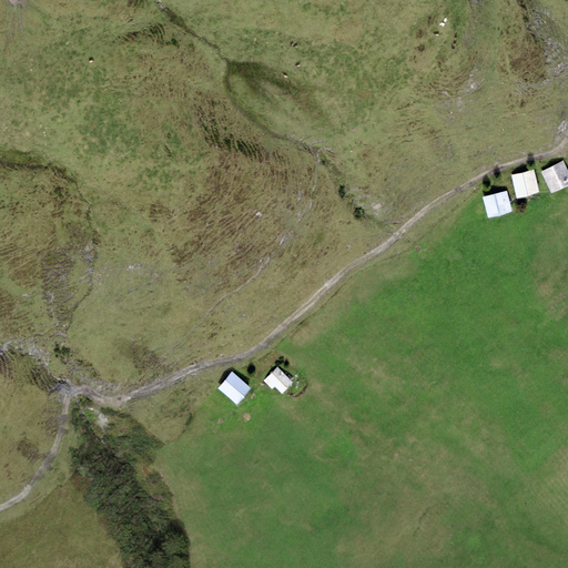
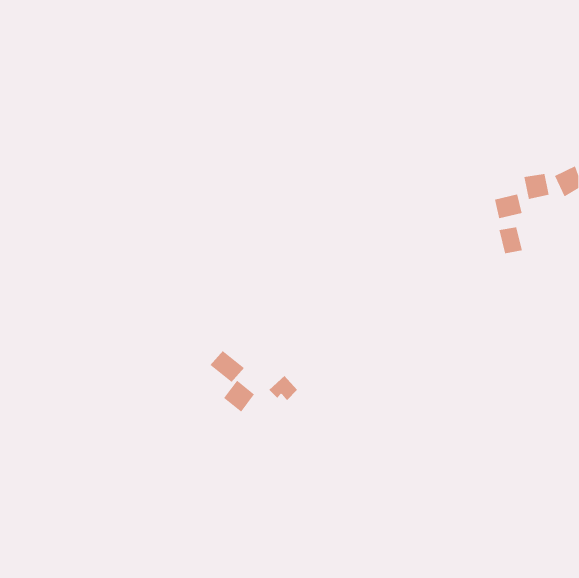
building: none -> [499,226,522,254]
building: none -> [209,350,245,383]

